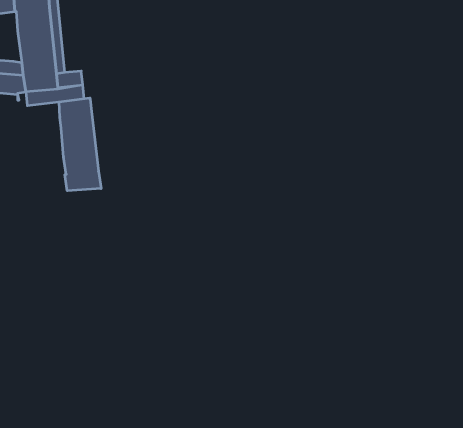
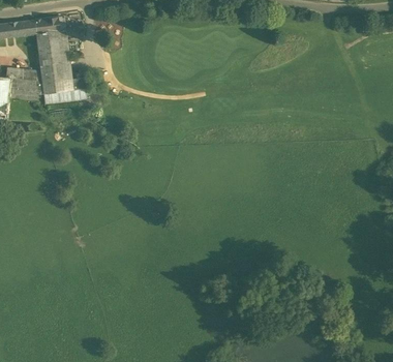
building: [59,98,101,191] -> none

